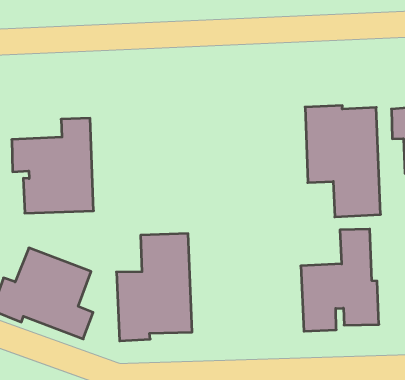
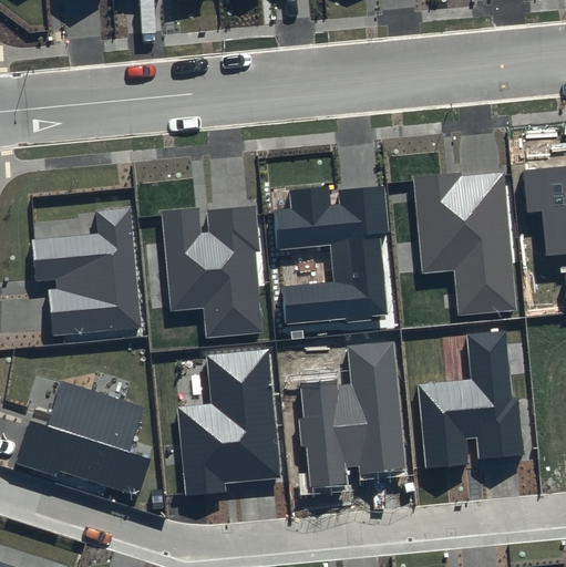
building: none -> [274,186,389,323]
building: none -> [161,207,263,338]
building: none -> [299,341,407,486]

